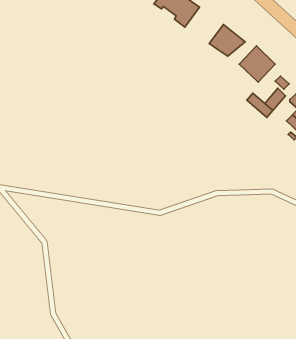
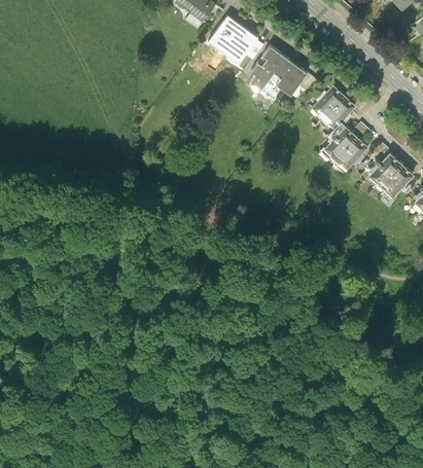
building: none -> [250,43,294,89]
building: none -> [329,124,359,155]

